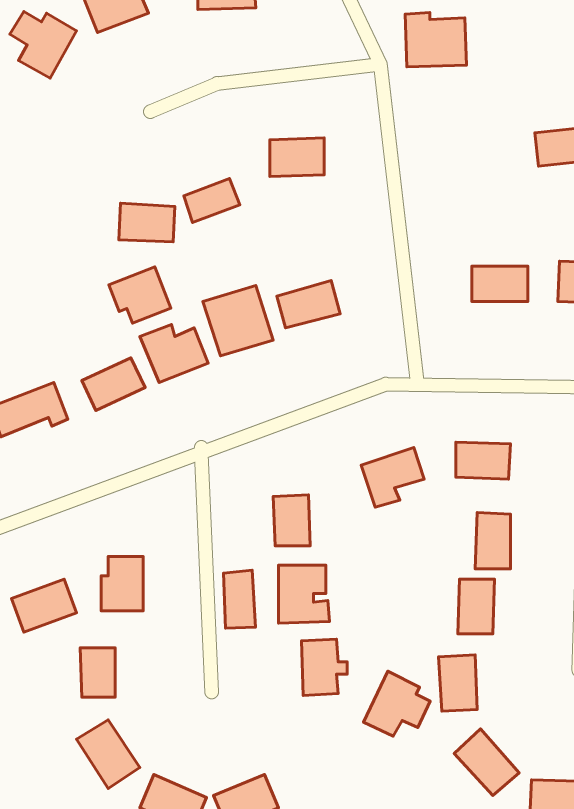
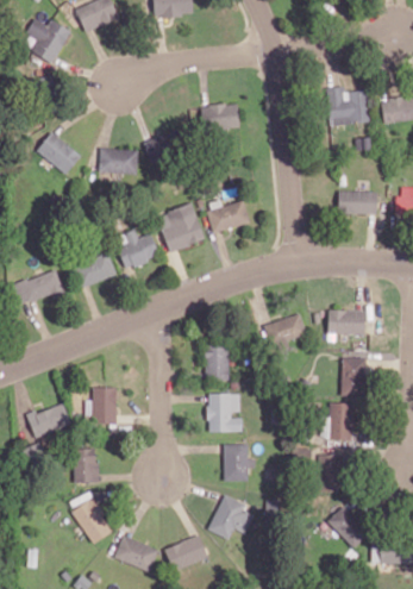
building: [405,12,467,67] -> [327,87,369,124]
building: none -> [37,132,82,174]
building: [109,267,171,323] -> none
building: [224,570,256,628] -> none
building: [363,671,430,736] -> [208,495,254,539]

